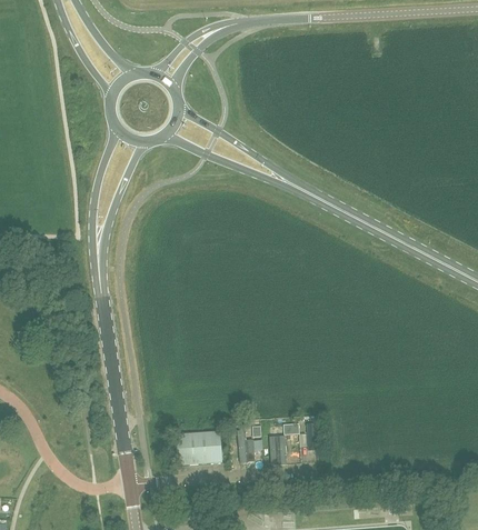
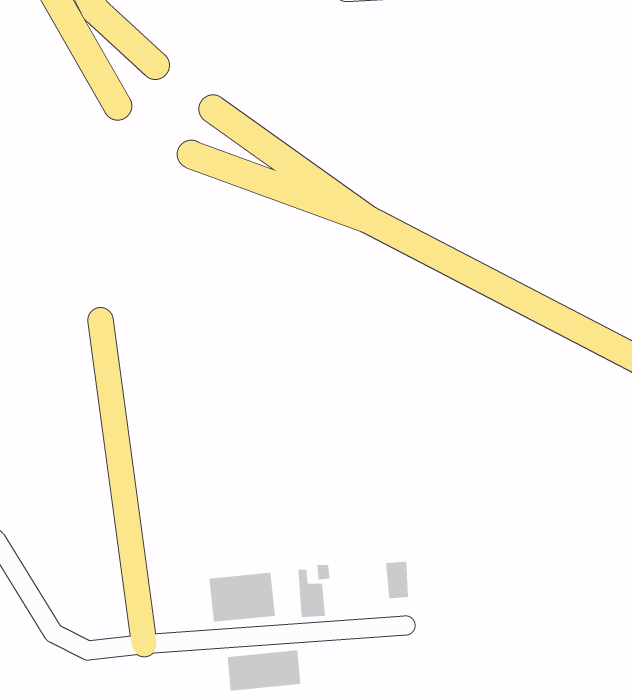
building: [268,434,286,463] -> none
building: none -> [227,650,301,692]

